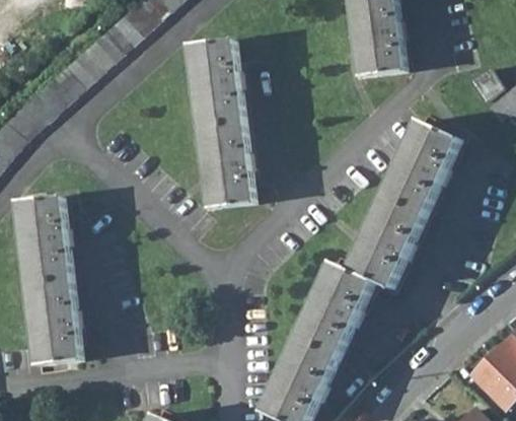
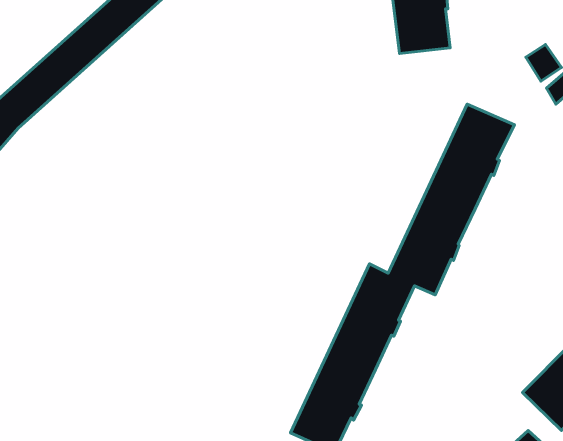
building: [189,41,253,208] -> none
building: [17,196,80,365] -> none

